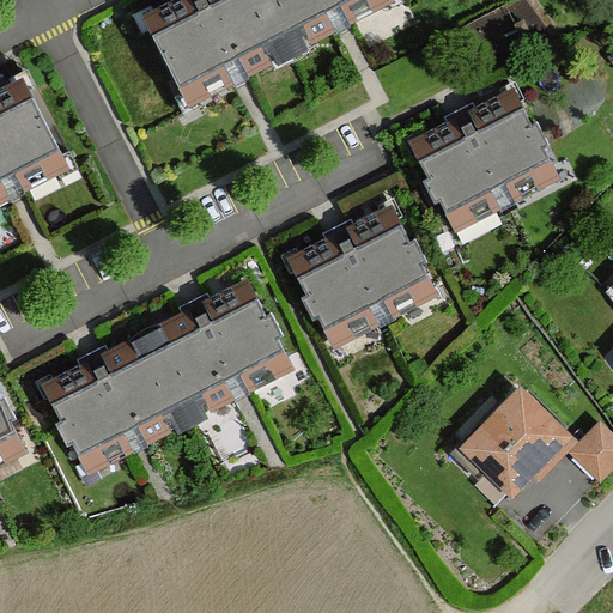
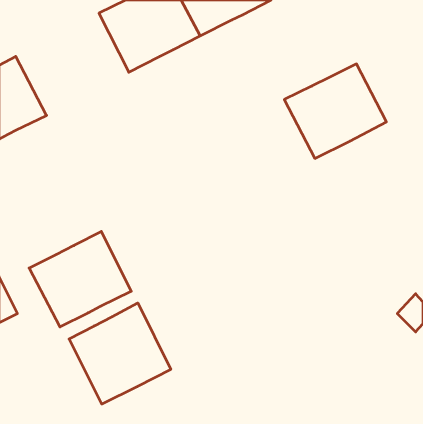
building: [289,208,436,346] -> none
building: [146,283,292,420] -> none
building: [468,392,565,492] -> none
building: none -> [69,303,171,404]

